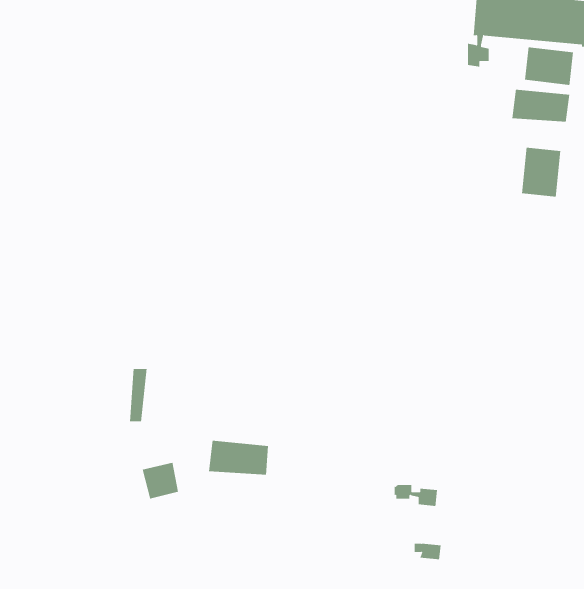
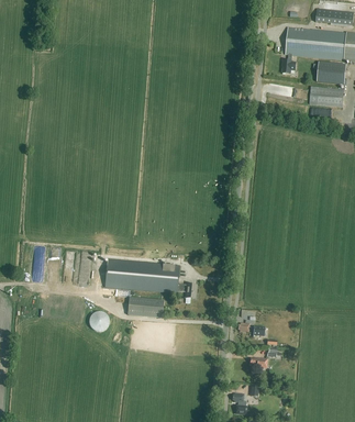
building: [521,147,561,198] -> none
building: none -> [103,259,196,298]

